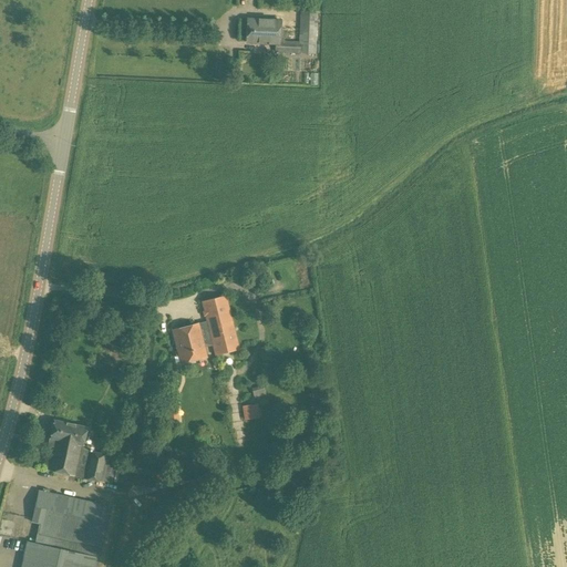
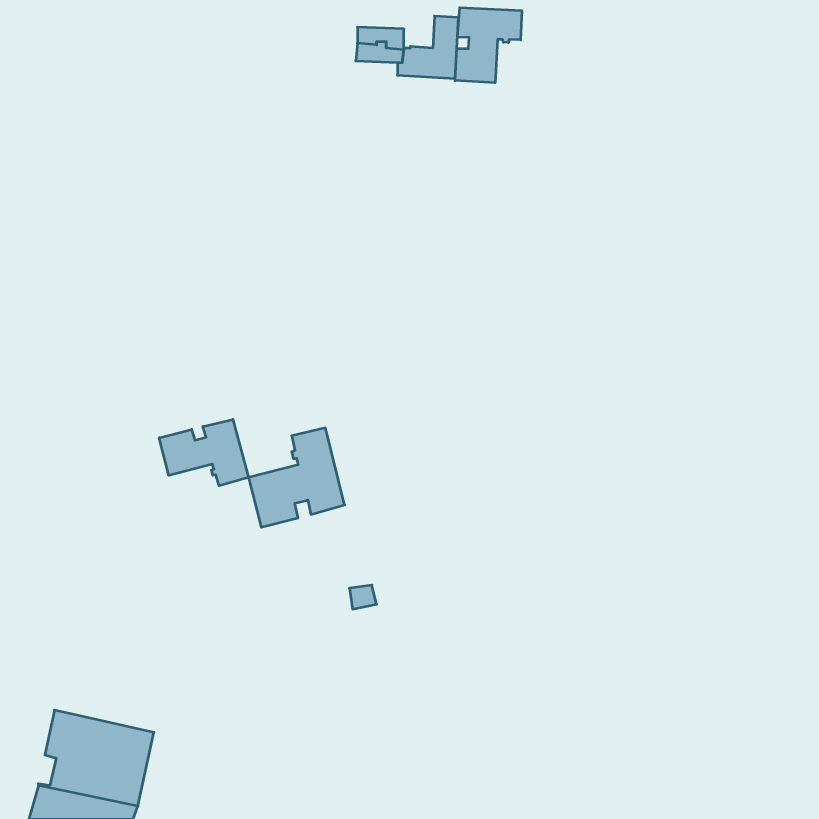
building: none -> [455,8,522,83]
building: none -> [159,419,248,486]
building: [47,421,116,484] -> none

